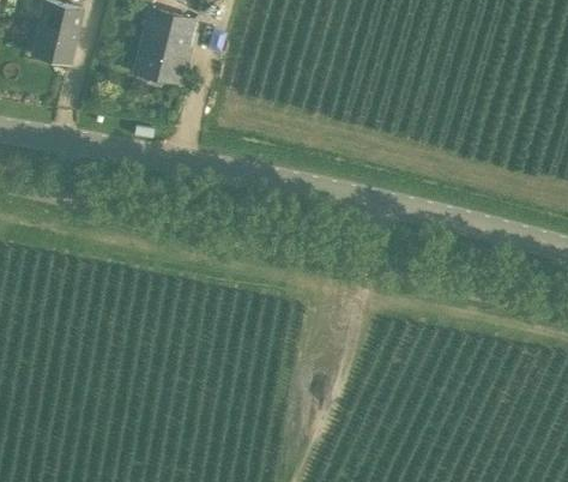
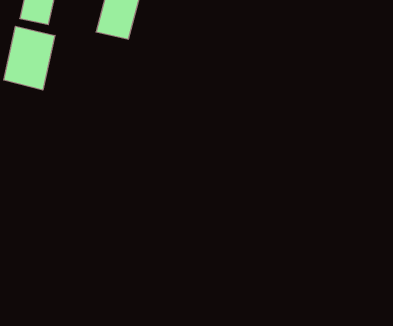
building: none -> [4,26,55,90]

